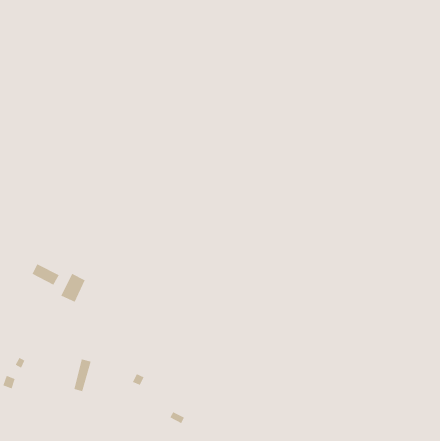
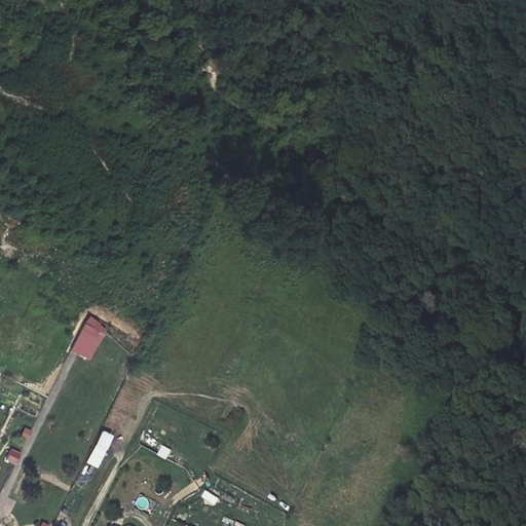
building: [32,264,59,286] -> none

